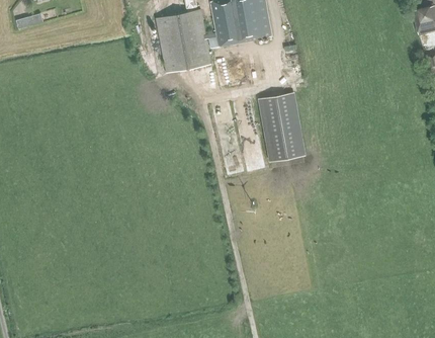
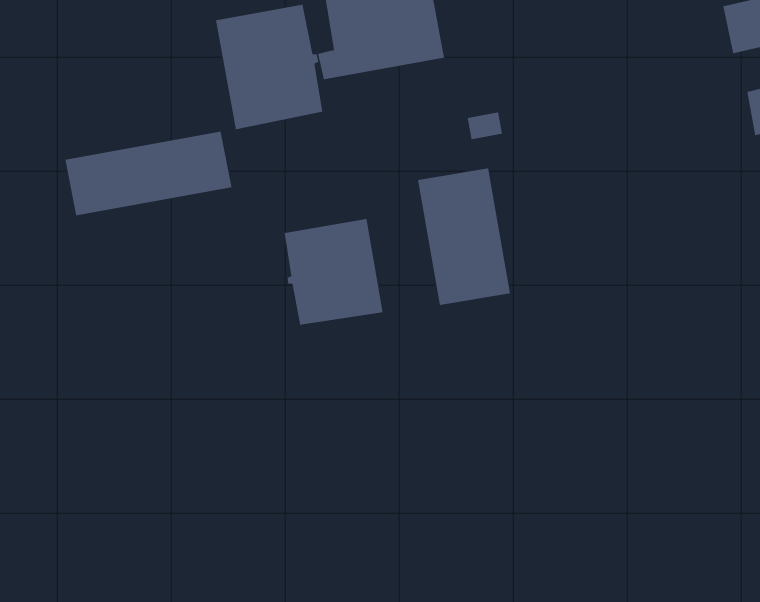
building: none -> [65,131,232,216]
building: none -> [284,218,383,326]

